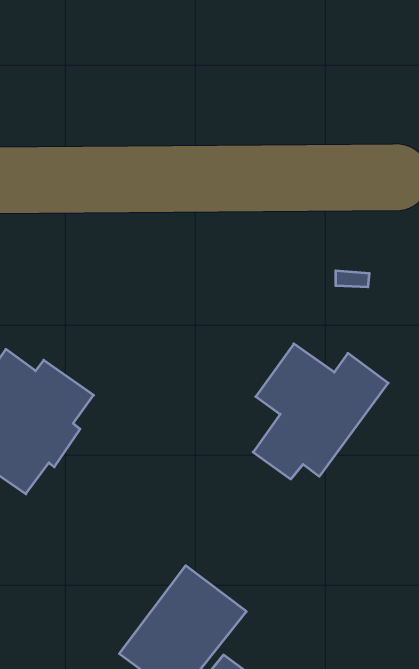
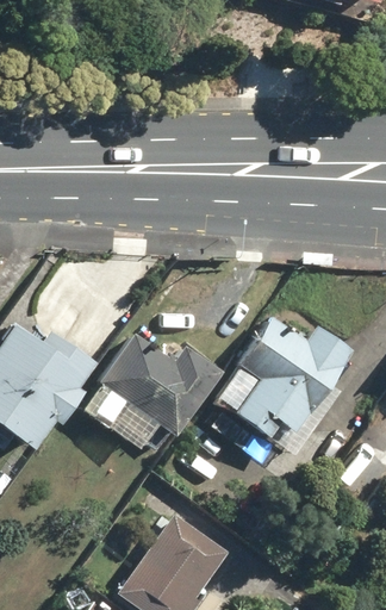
building: none -> [100,322,220,438]

